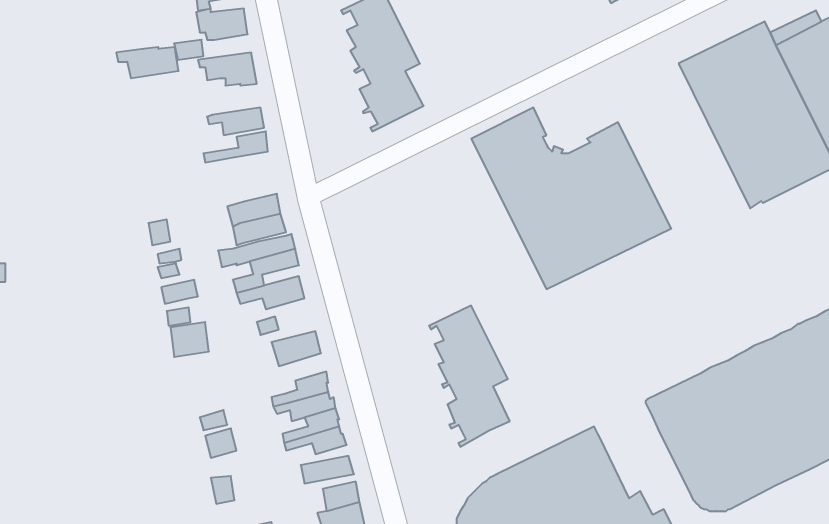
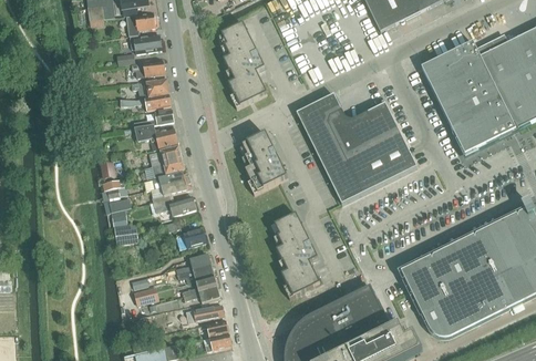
building: [116,47,179,78] -> [131,78,168,96]
building: none -> [135,122,177,148]
building: none -> [238,132,287,193]

